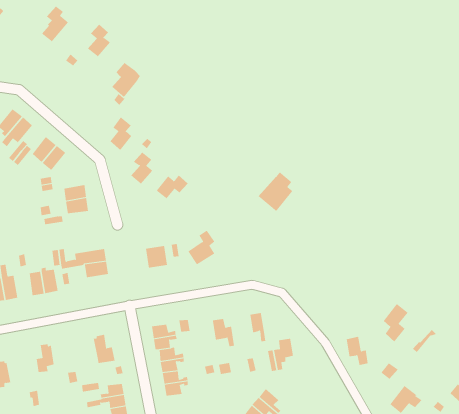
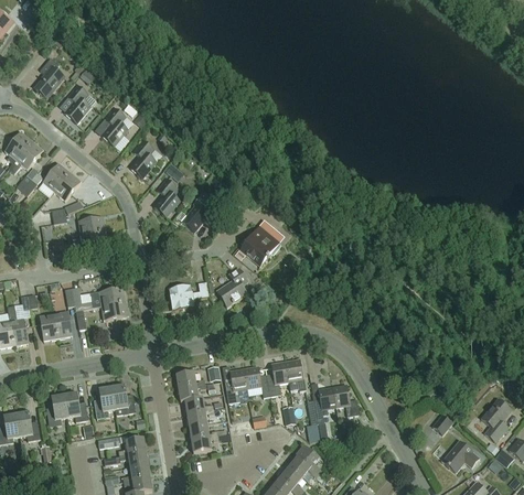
building: [41,6,69,42] -> [33,57,64,98]
building: [87,24,111,57] -> [63,85,89,122]
building: [111,62,141,98] -> [99,107,132,147]
building: [258,171,293,212] -> [239,219,279,265]
building: [383,303,408,342] -> [482,398,511,442]
building: none -> [266,361,289,396]
building: none -> [225,368,247,403]
building: none -> [94,385,115,419]
building: [346,336,369,366] -> [332,384,357,417]
building: none -> [64,390,87,422]
building: none -> [14,410,39,441]

